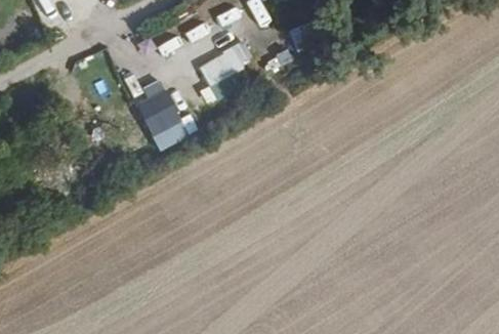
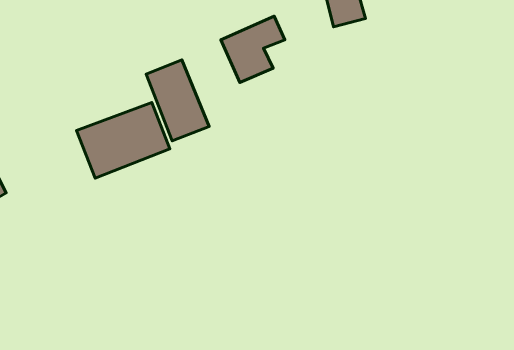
building: none -> [76,103,170,178]

